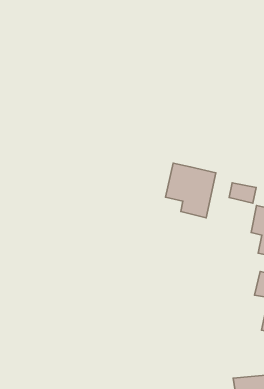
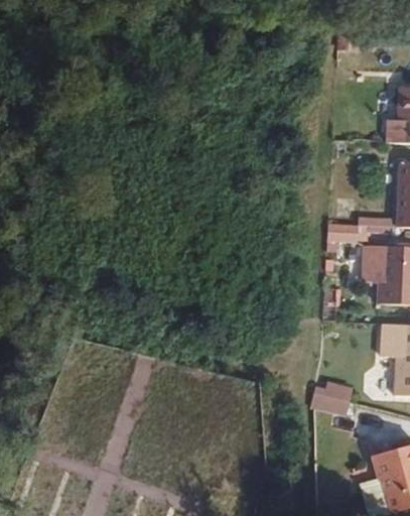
building: [166,163,216,218] -> none
building: none -> [315,384,353,416]

